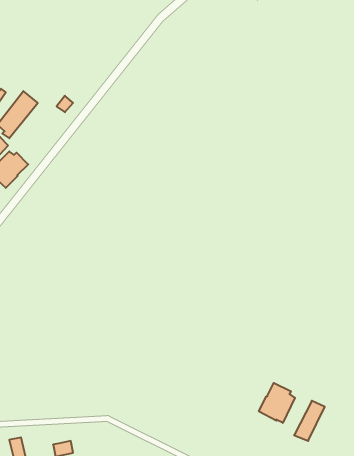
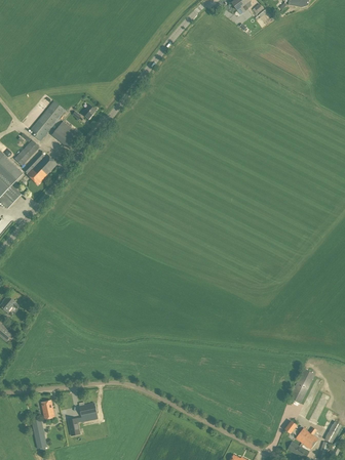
building: none -> [51,120,80,149]
building: [259,383,295,423] -> none

